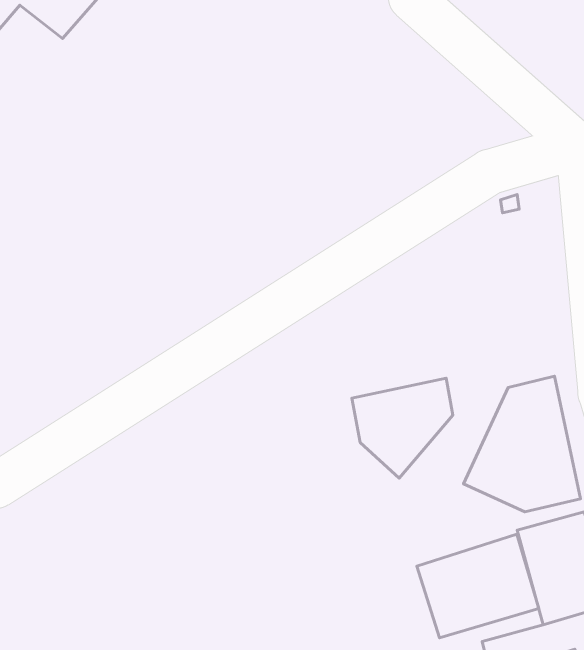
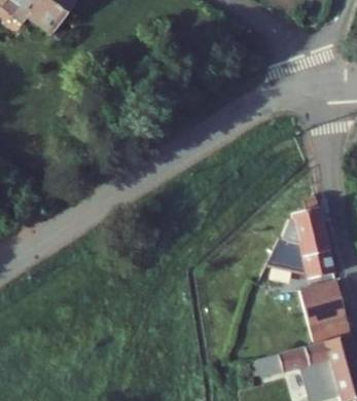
building: [352,378,453,478] -> none
building: [417,534,539,638] -> none

